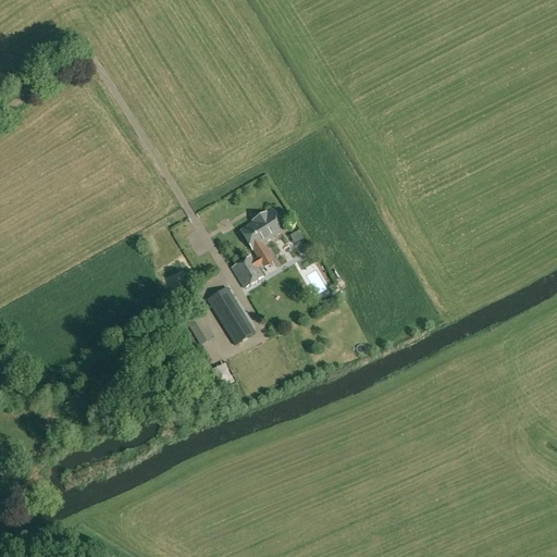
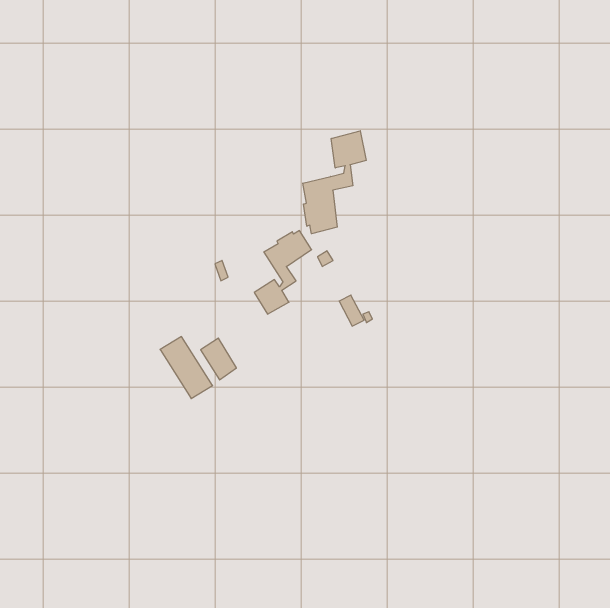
building: none -> [303,131,366,234]
building: [207,287,255,344] -> [160,337,213,399]

